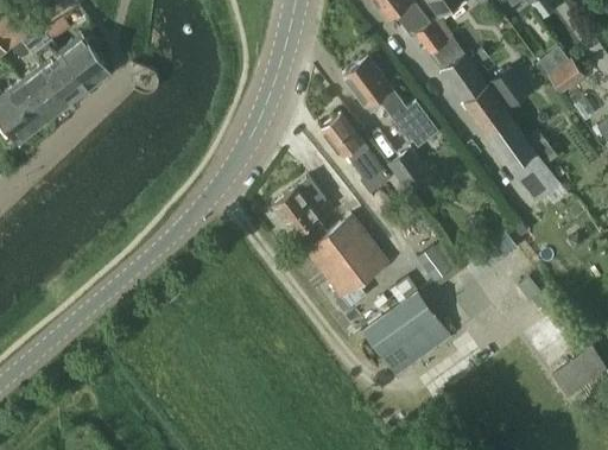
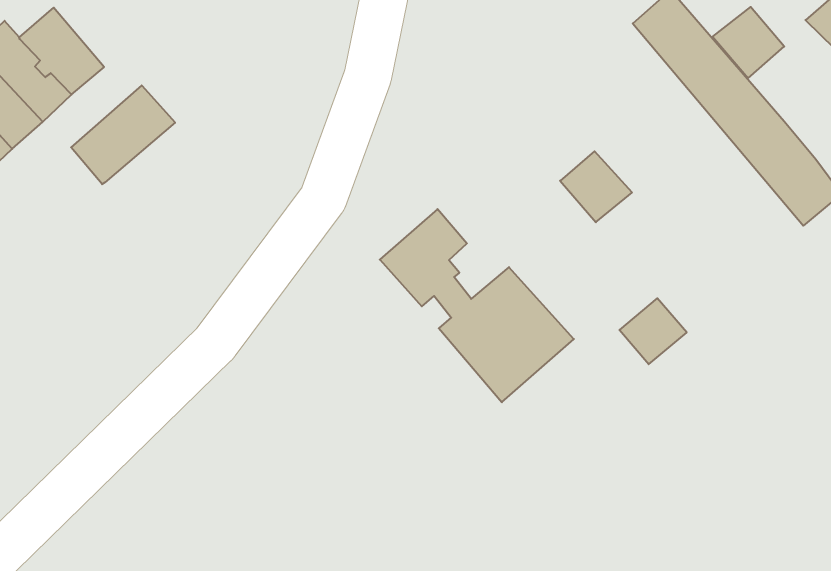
building: [342,57,438,147] -> none
building: none -> [71,85,175,184]
building: [321,113,391,192] -> none
building: [361,278,451,379] -> none

